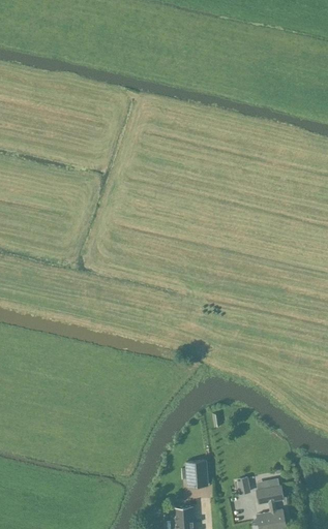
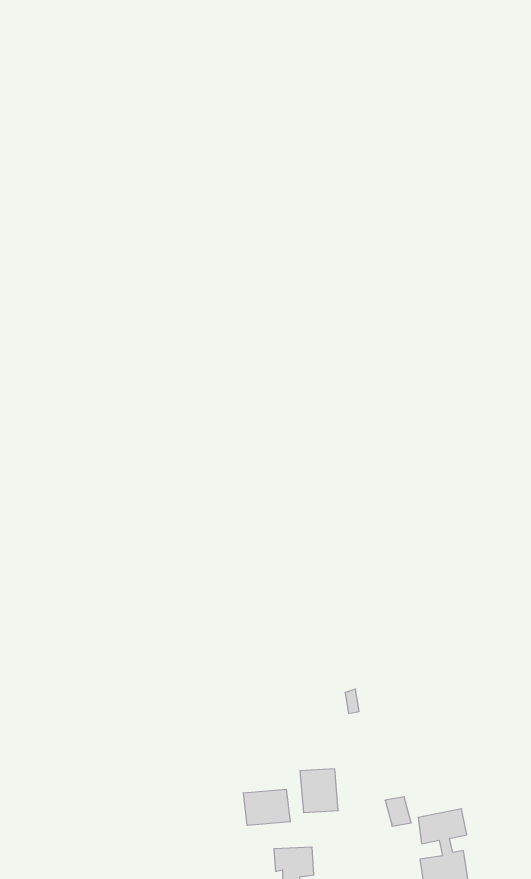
building: none -> [243,789,290,825]

